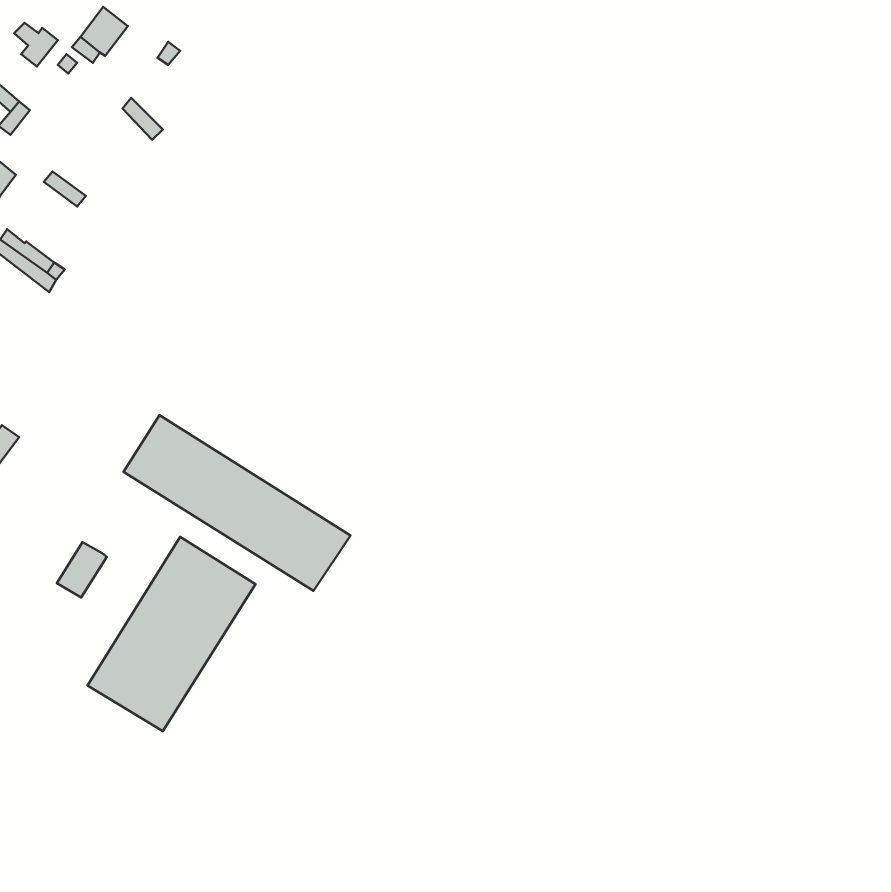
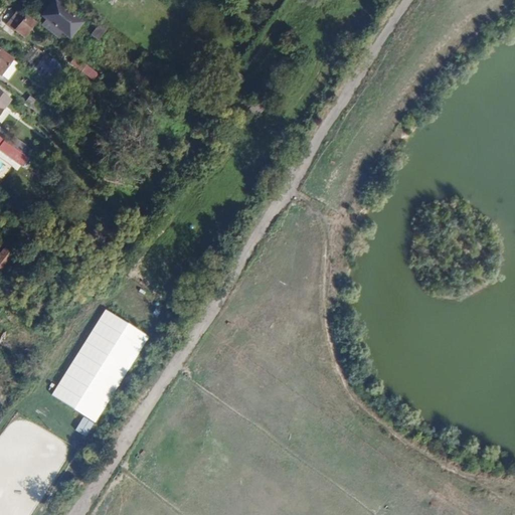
building: [124,415,350,591] -> none
building: [57,542,107,598] -> none

